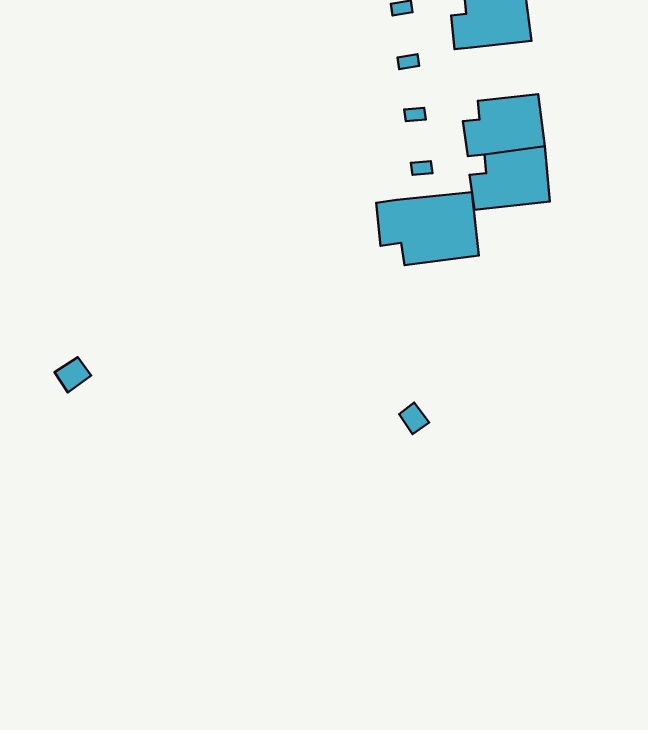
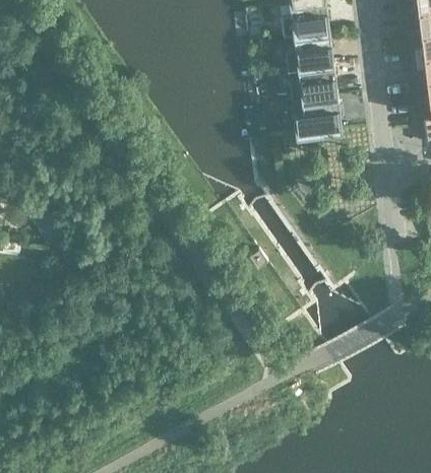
building: none -> [286,35,334,72]
building: [376,192,479,265] -> none

